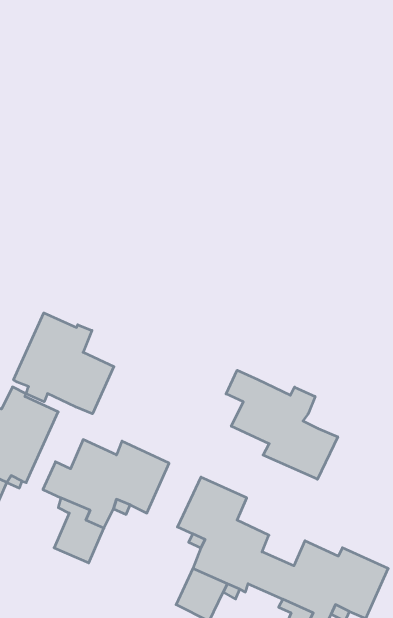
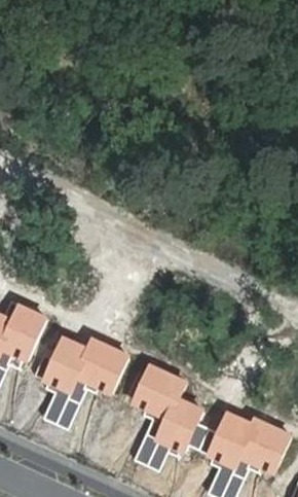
building: [14,313,114,414] -> none
building: [226,370,338,479] -> none

